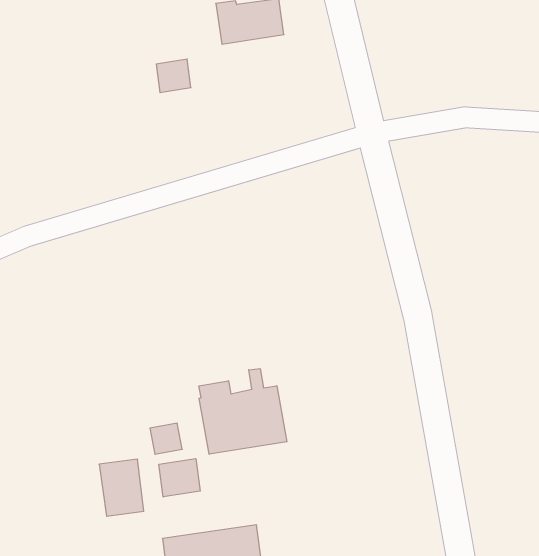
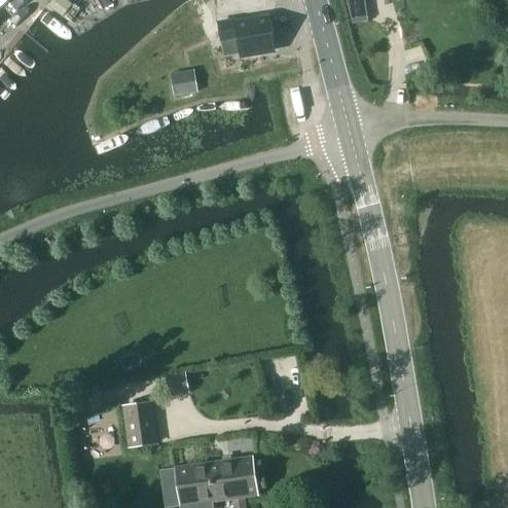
building: [199,369,287,454] -> none
building: [159,459,200,497] -> none

